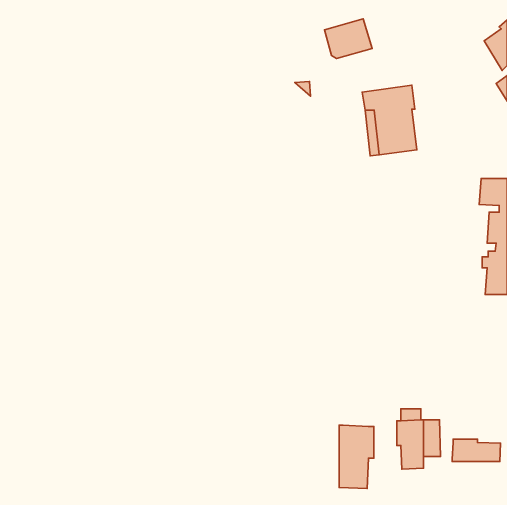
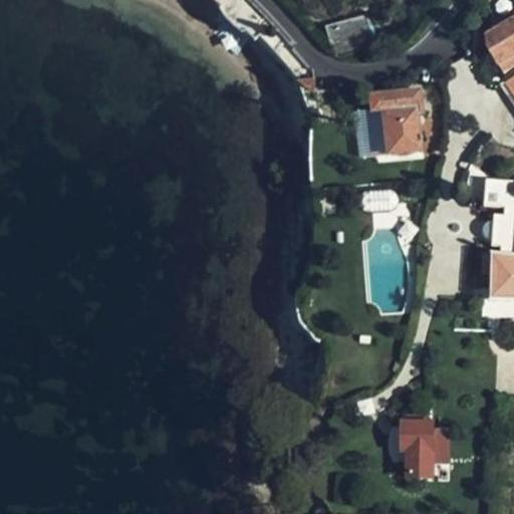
building: [339,425,374,489] -> none
building: [452,439,501,462] -> none

